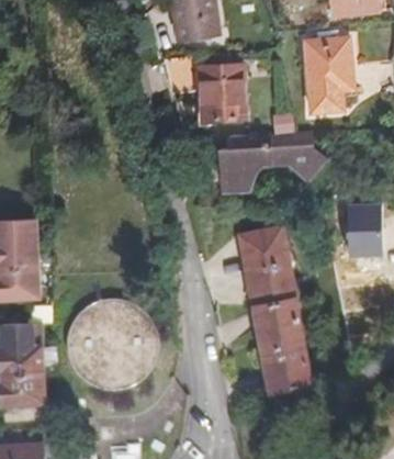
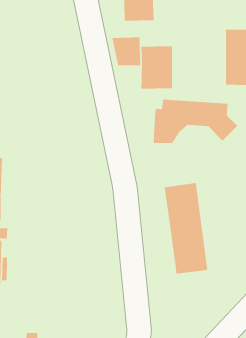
building: [64,296,159,391] -> none
building: [261,346,311,398] -> none

